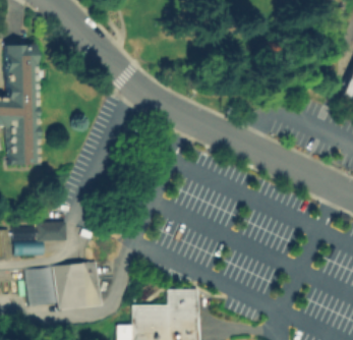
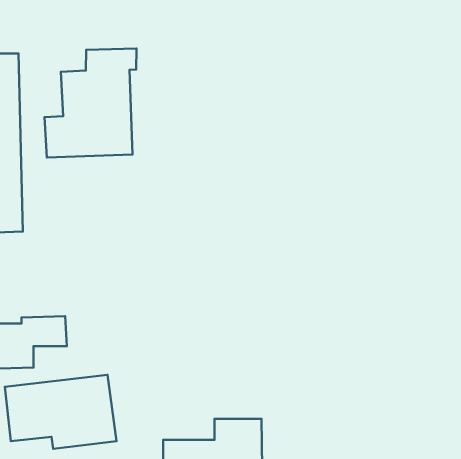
building: none -> [45,48,136,158]

